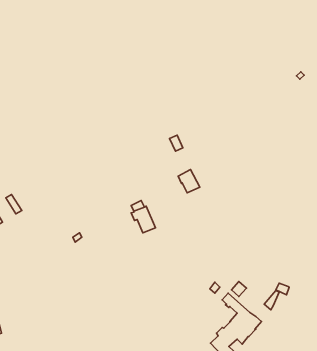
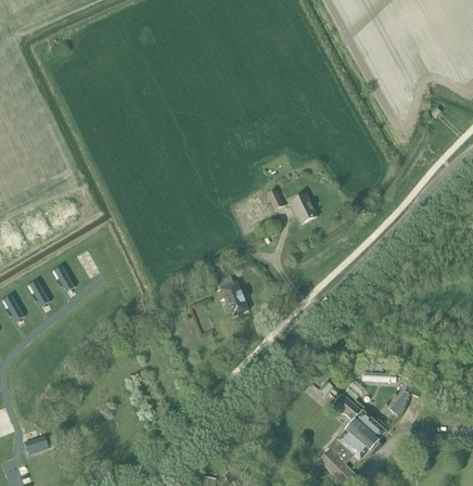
building: [178,169,200,193] -> [289,192,317,222]

